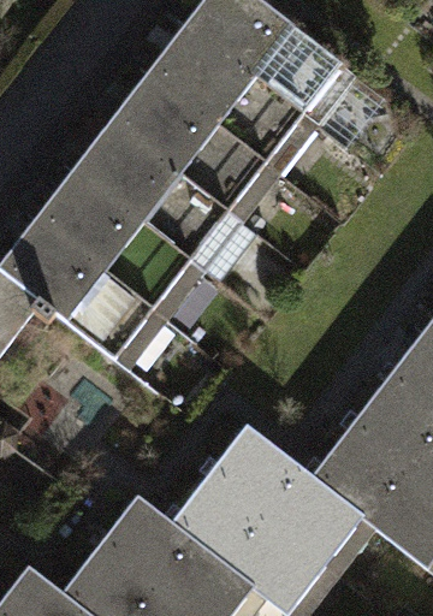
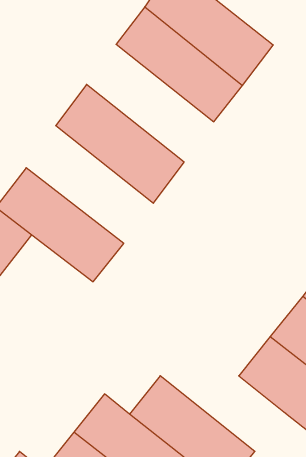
building: [112,64,272,212] -> none
building: [36,166,196,314] -> none
building: [204,432,362,575] -> none

